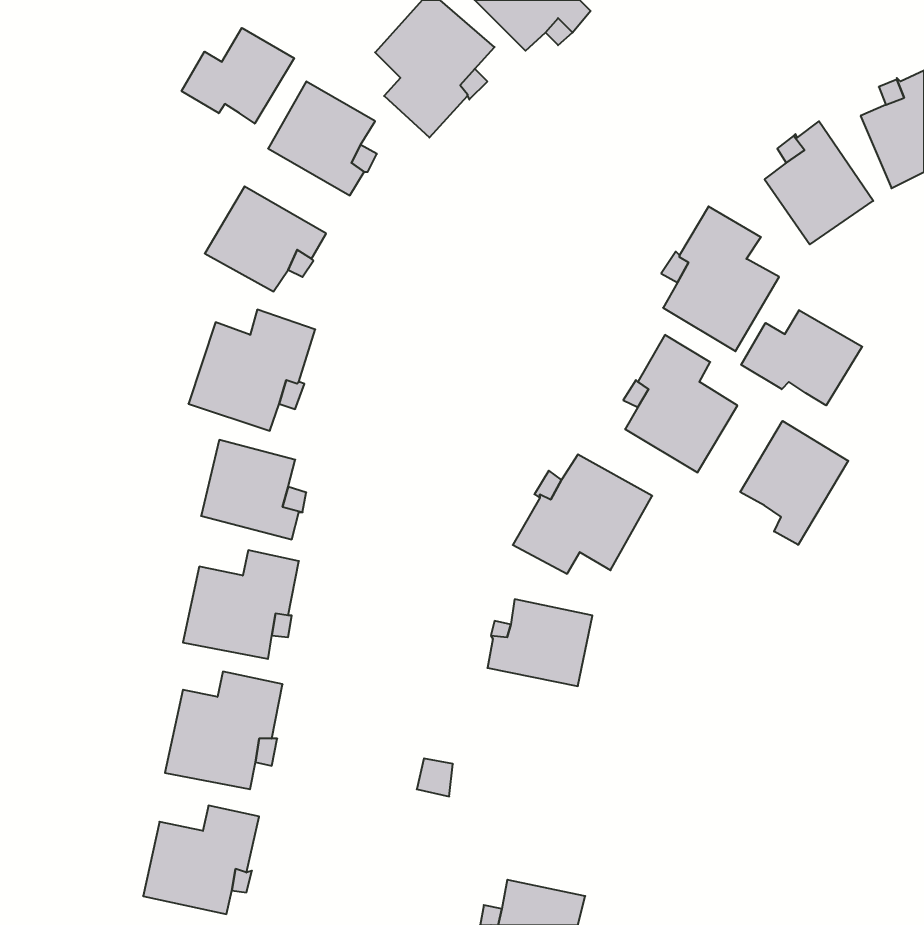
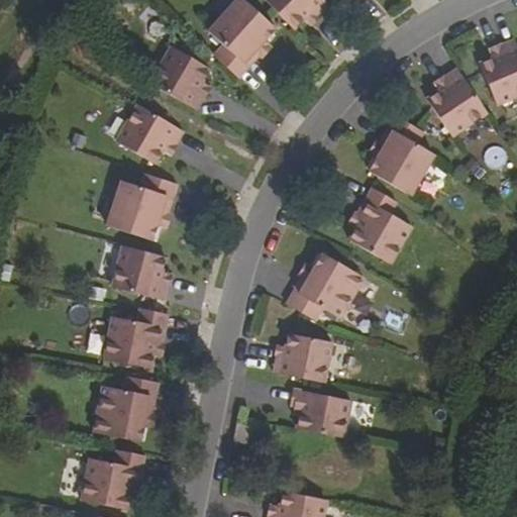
building: [182,28,294,124] -> none
building: [741,310,862,405] -> none
building: [740,421,848,545] -> none
building: none -> [290,390,350,437]

